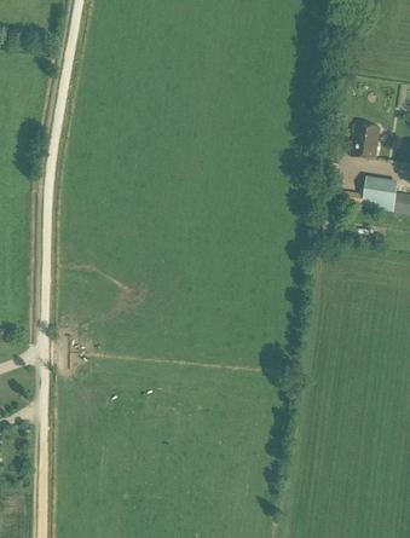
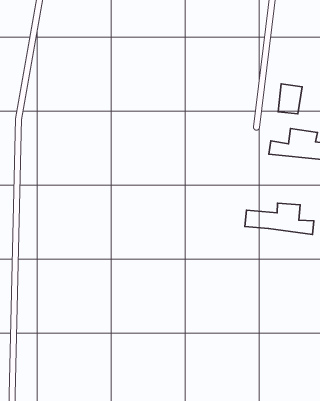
building: none -> [245,203,314,234]

